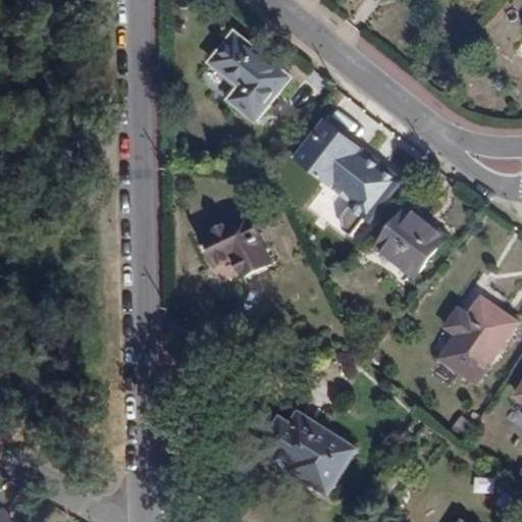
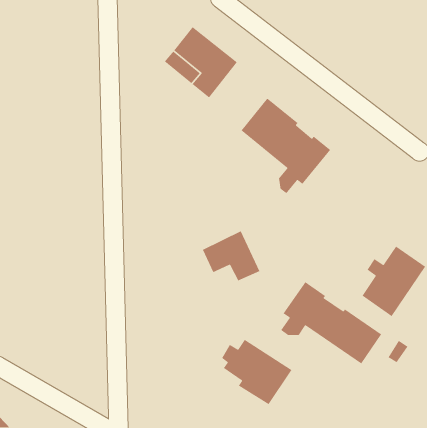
building: [375,205,445,275] -> none
building: [199,212,270,274] -> [202,230,261,281]
building: none -> [280,281,382,365]

